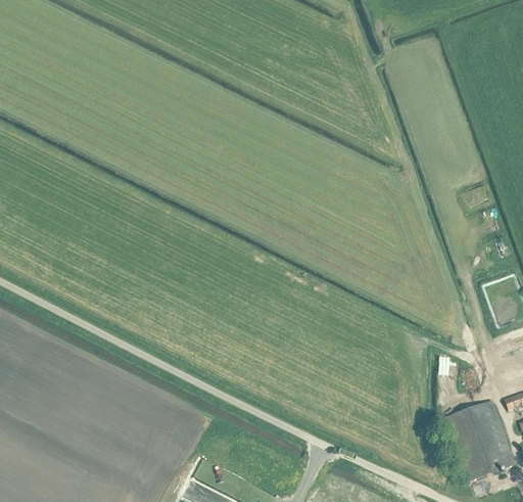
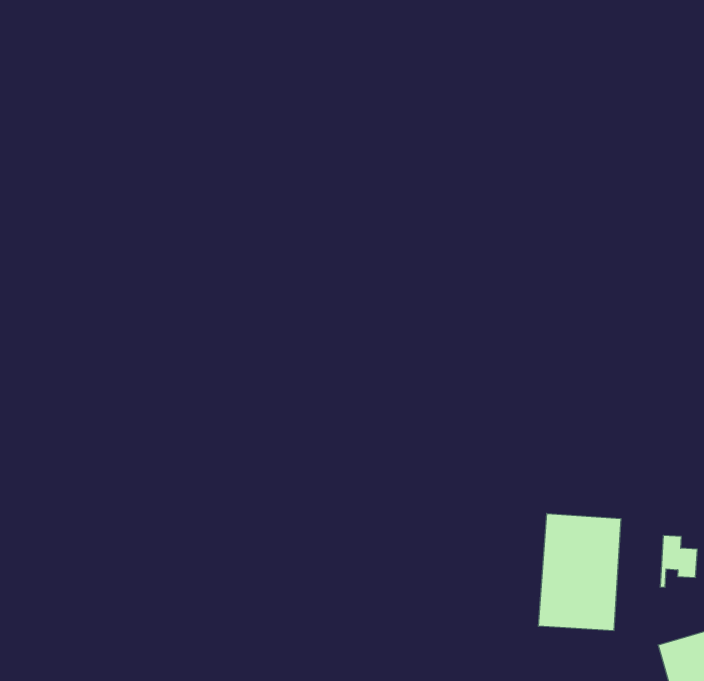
building: none -> [538,513,621,631]

